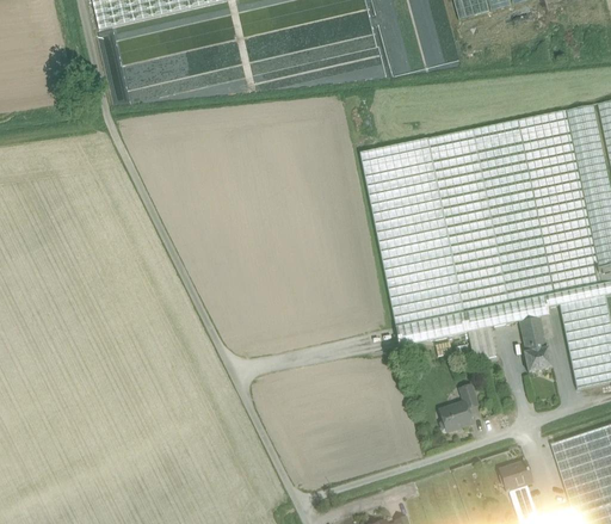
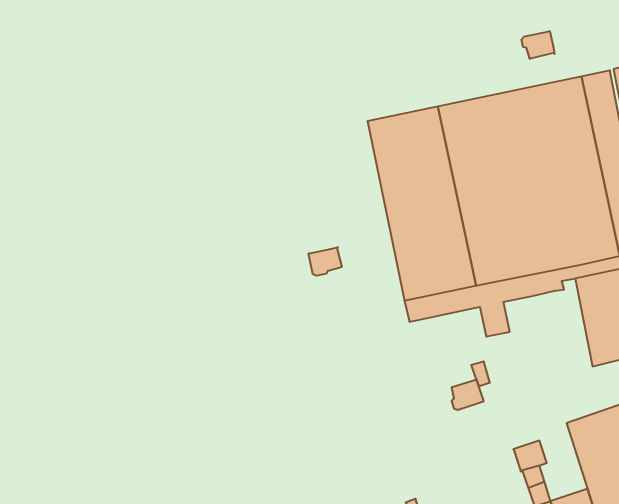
building: none -> [522,31,555,59]
building: none -> [309,247,342,276]
building: [520,315,554,371] -> none

